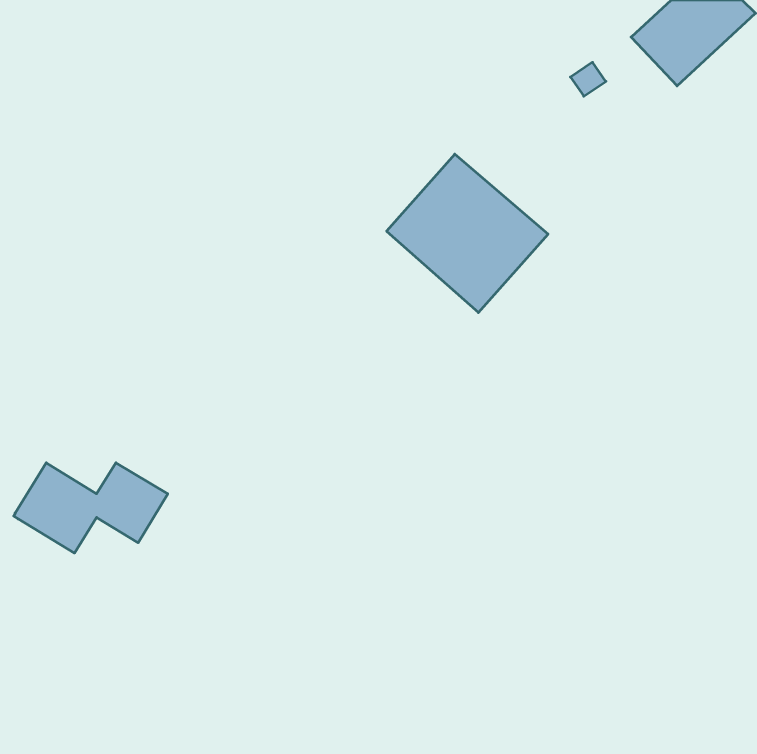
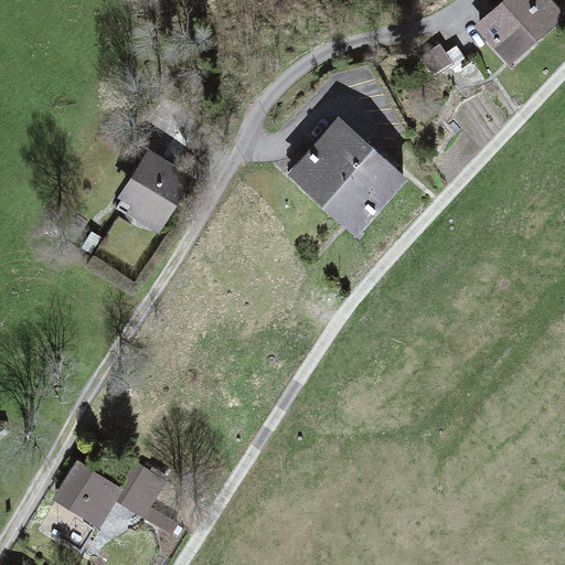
building: none -> [122,154,189,226]
building: [14,463,168,553] -> [53,459,168,526]

